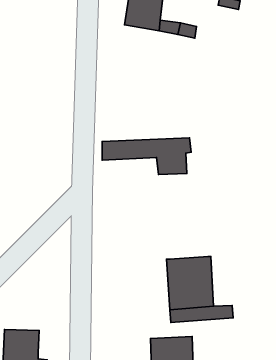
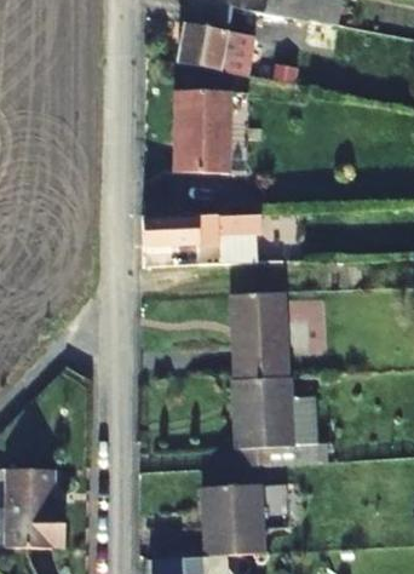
building: none -> [173,87,229,171]
building: none -> [231,292,288,380]

